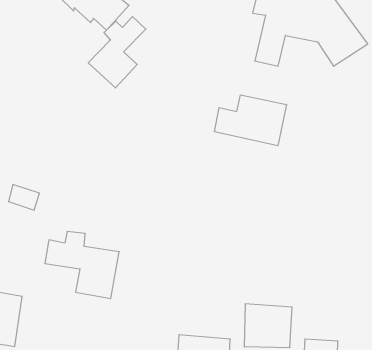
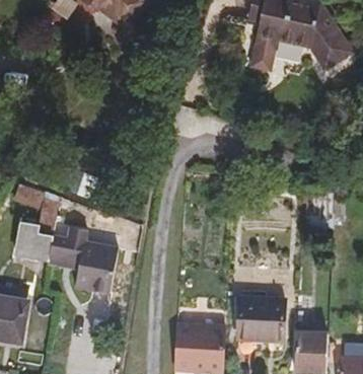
building: [88,17,146,88] -> none
building: [215,95,287,146] -> none
building: none -> [16,195,60,258]

